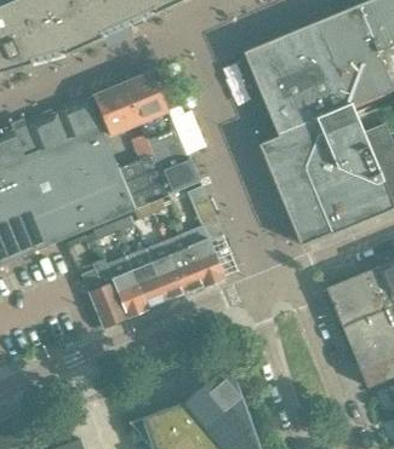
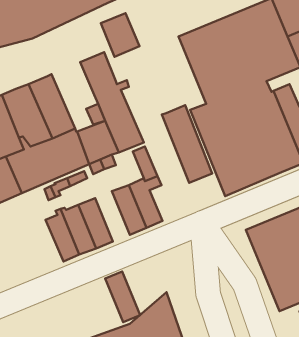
building: [93,82,141,136] -> [101,13,139,57]
building: none -> [162,105,212,183]
building: [142,240,184,301] -> [105,271,140,322]

